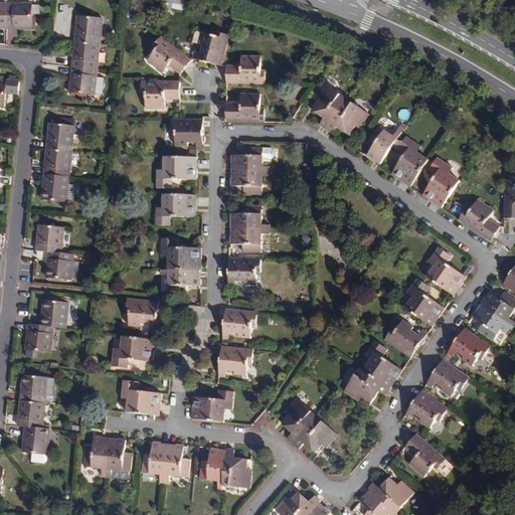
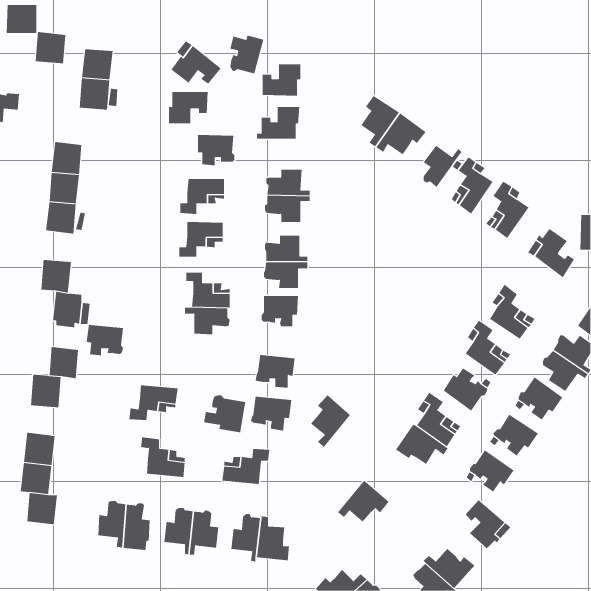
building: [73,16,101,44] -> [35,31,66,64]
building: [126,298,159,325] -> [86,324,124,356]
building: none -> [203,394,246,433]
building: [281,398,316,445] -> [310,394,351,448]

